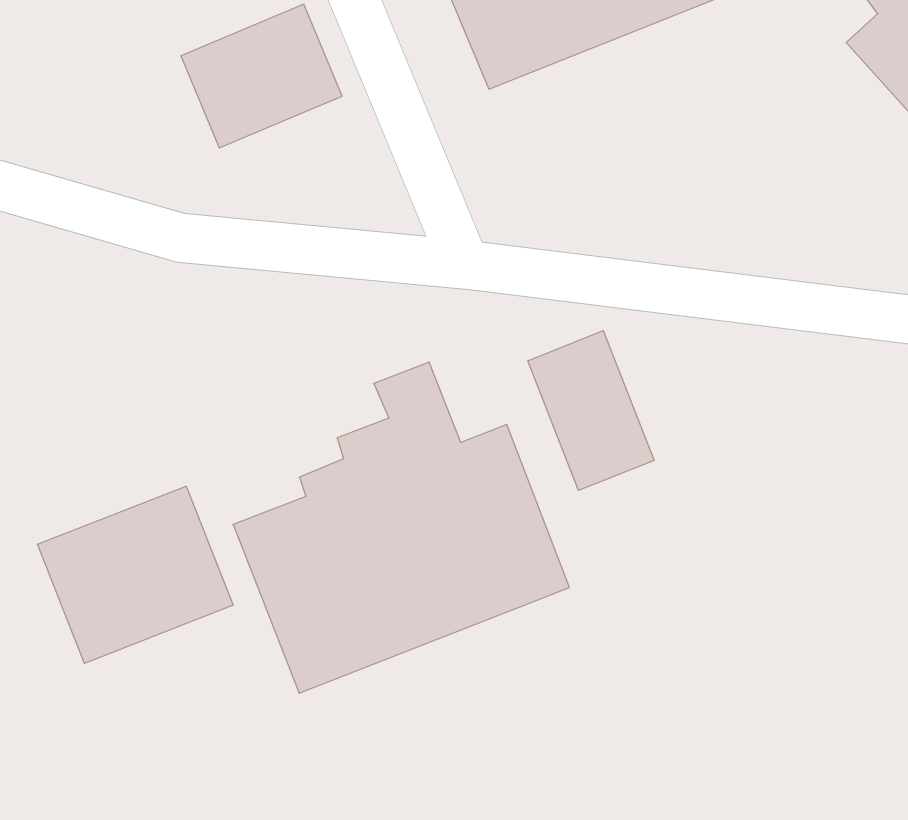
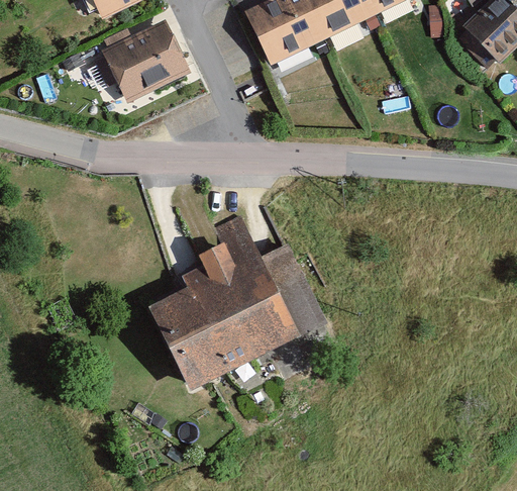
building: [528,331,654,490] -> none
building: [37,486,233,663] -> none

